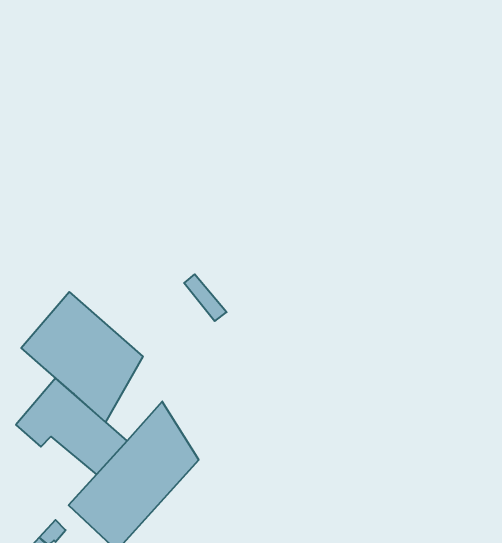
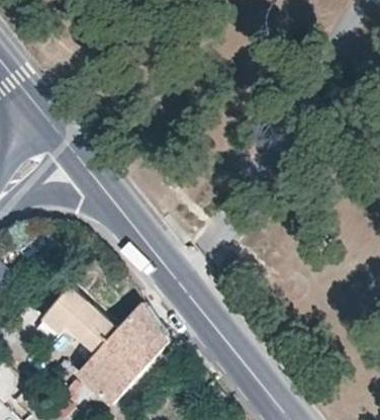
building: [21,292,143,422] -> none

